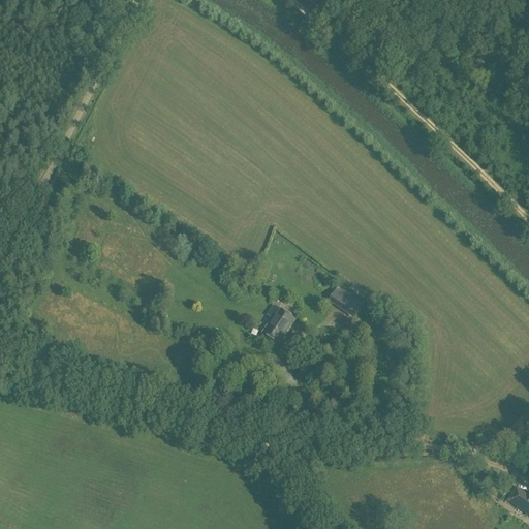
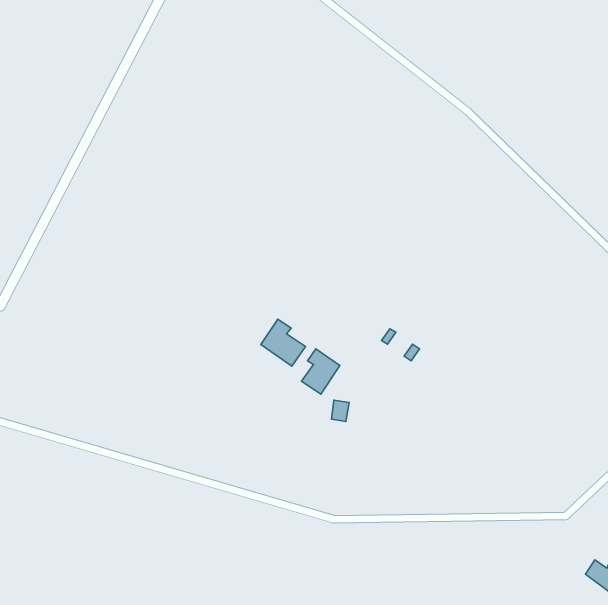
building: none -> [261,319,305,366]

